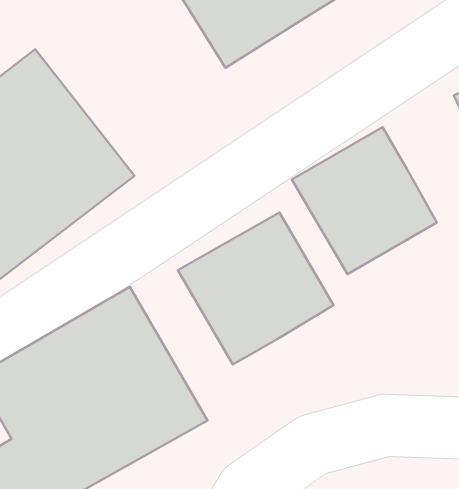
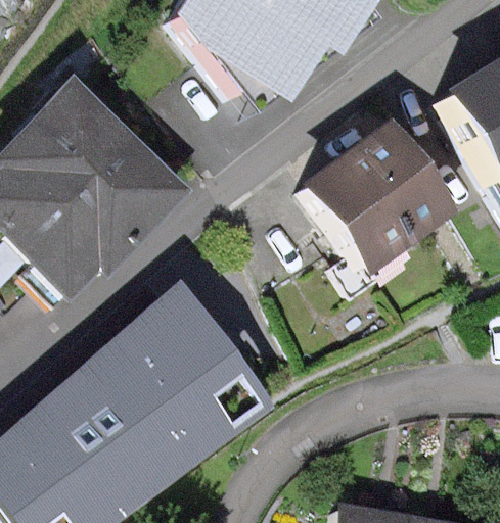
building: [178,212,333,365] -> none

